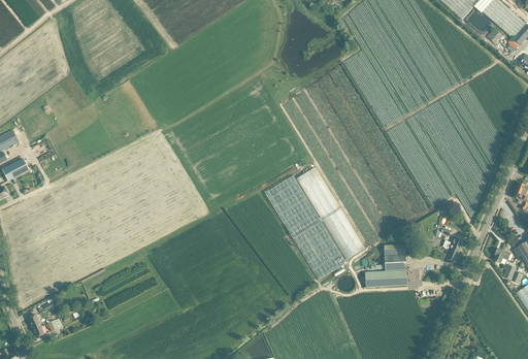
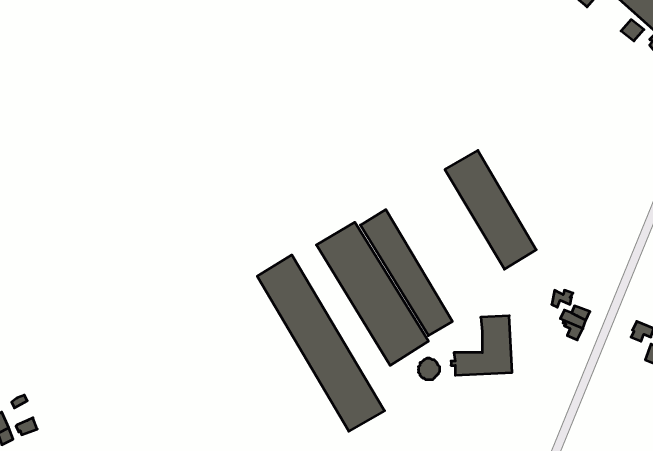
building: none -> [445,150,536,269]
building: none -> [257,255,385,431]

